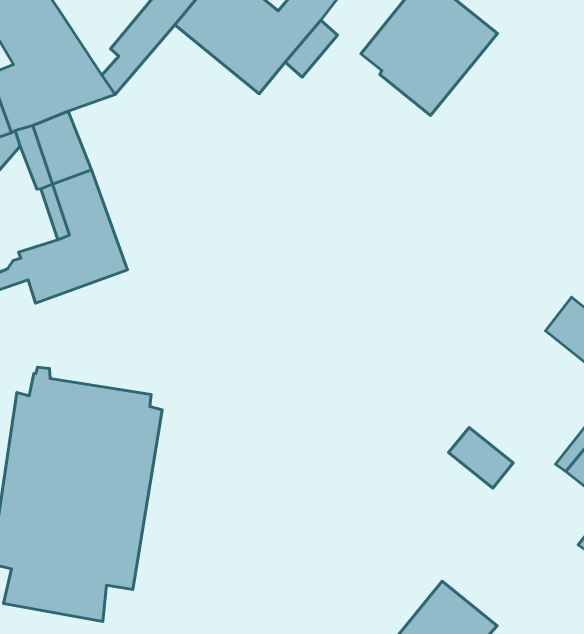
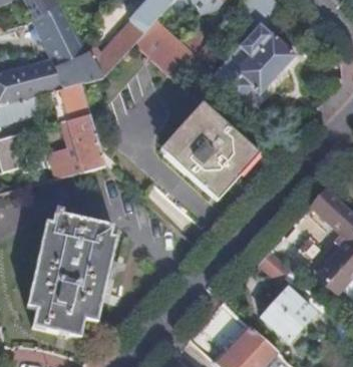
building: none -> [163,106,254,197]
building: none -> [264,289,314,340]

